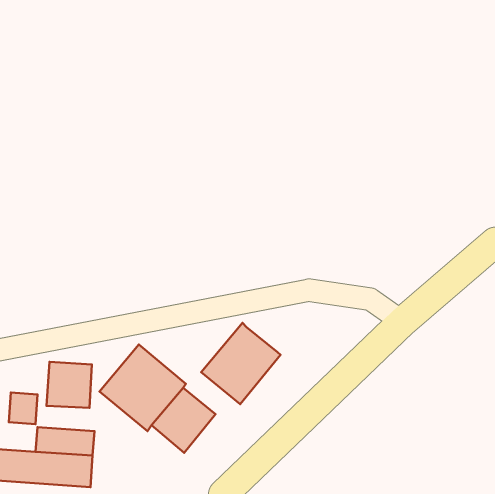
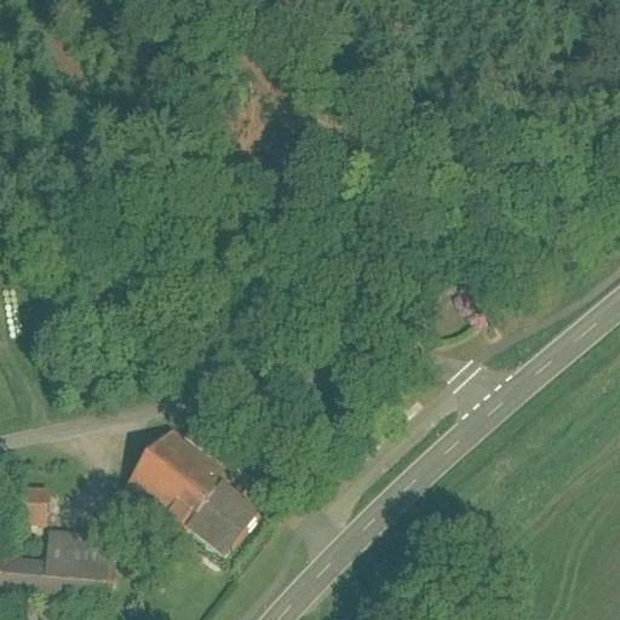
building: [201,323,280,404] -> none
building: [47,362,92,408] -> none

